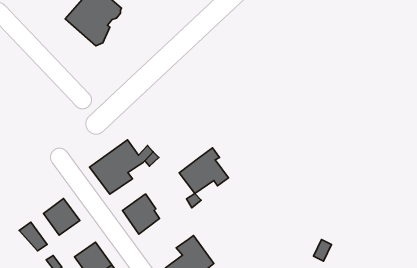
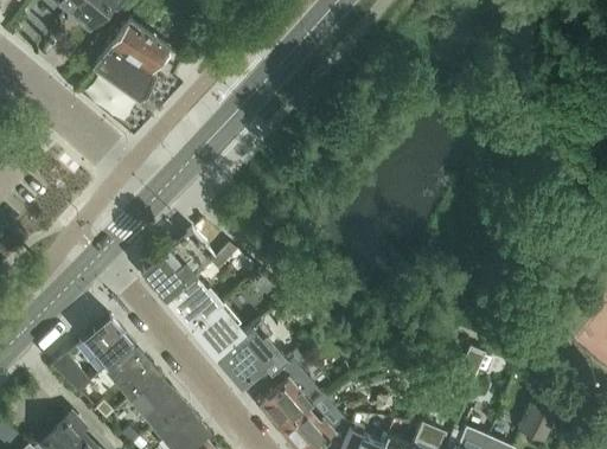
building: [179,148,228,194] -> [217,320,286,385]
building: none -> [173,283,222,327]
building: none -> [107,345,158,396]

